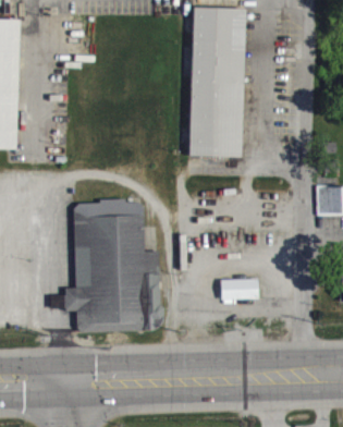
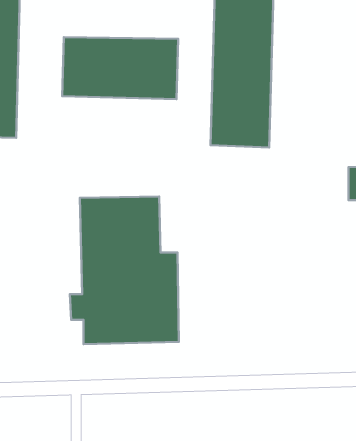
building: none -> [62,37,178,99]
building: [221,279,258,300] -> none

